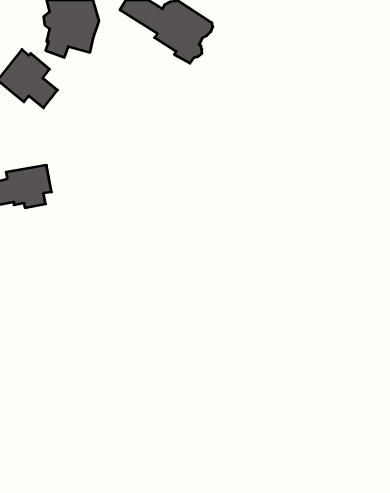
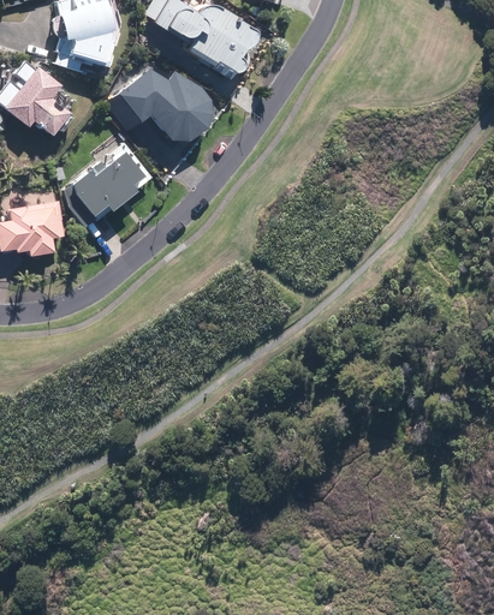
building: none -> [105,68,213,139]
building: none -> [60,151,147,227]

